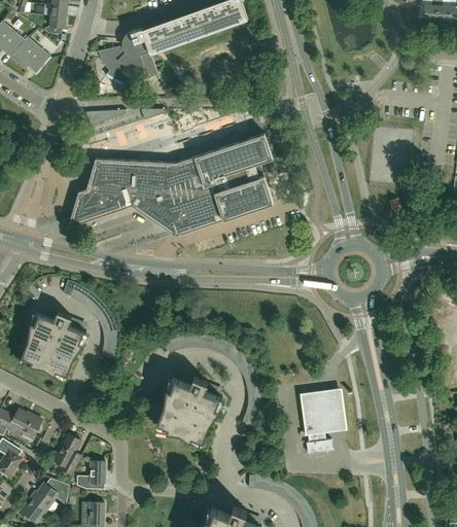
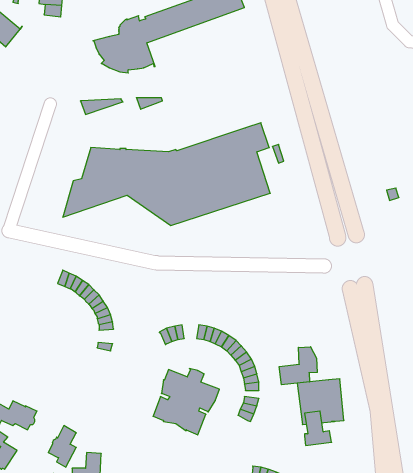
building: [10,37,49,73] -> none
building: [21,311,85,377] -> none
building: none -> [279,347,317,385]

